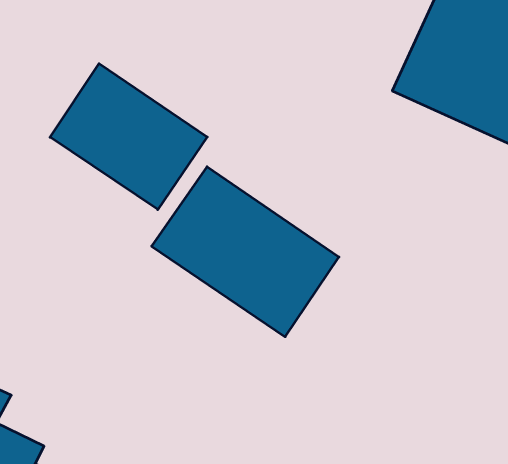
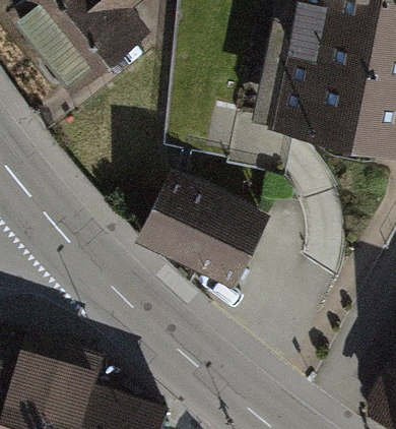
building: [50,64,207,210] -> none

